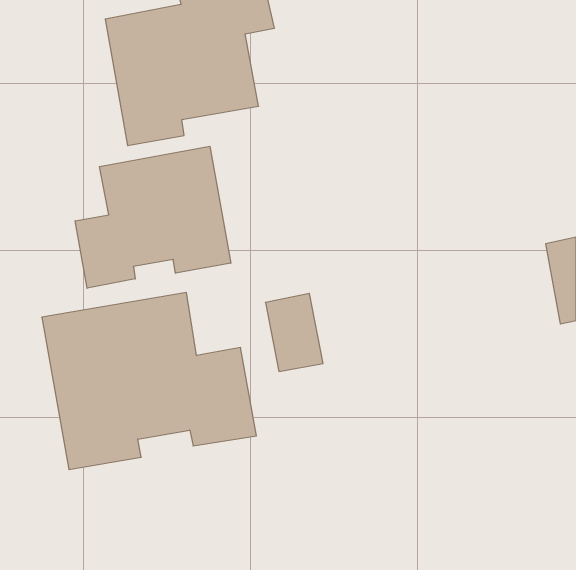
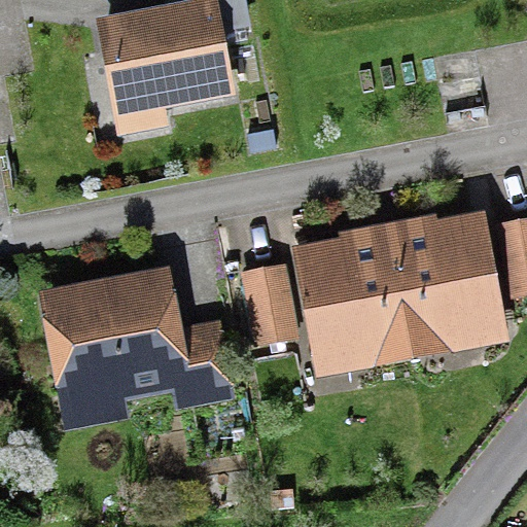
building: [75,146,231,288] -> none
building: none -> [311,224,492,359]

